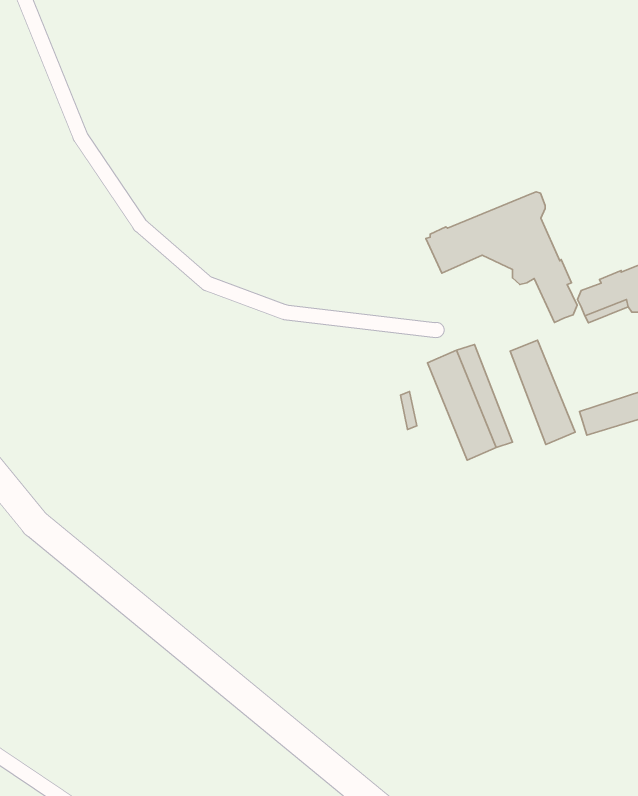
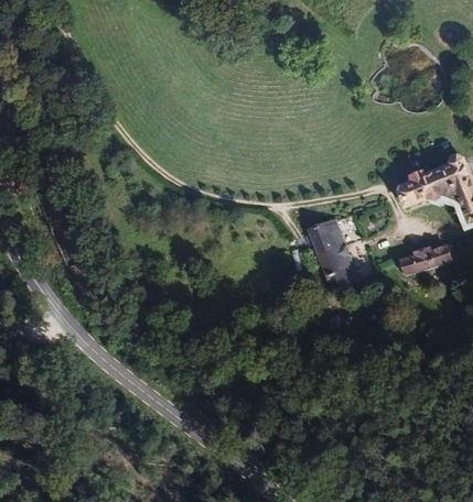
building: [426,192,577,322] -> none
building: [510,340,575,445] -> none

